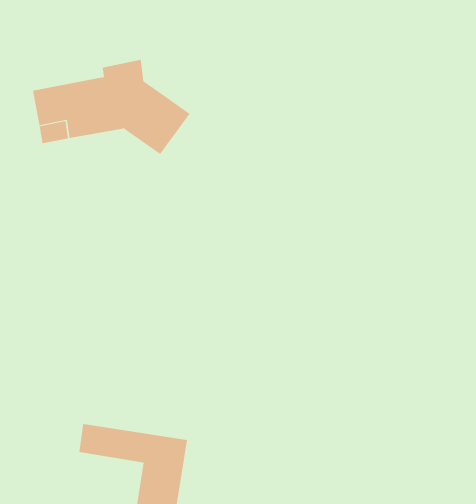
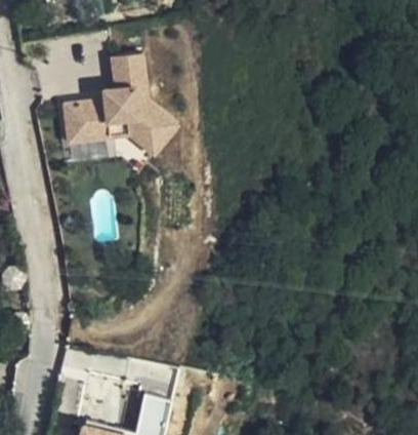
building: none -> [107,51,142,88]

